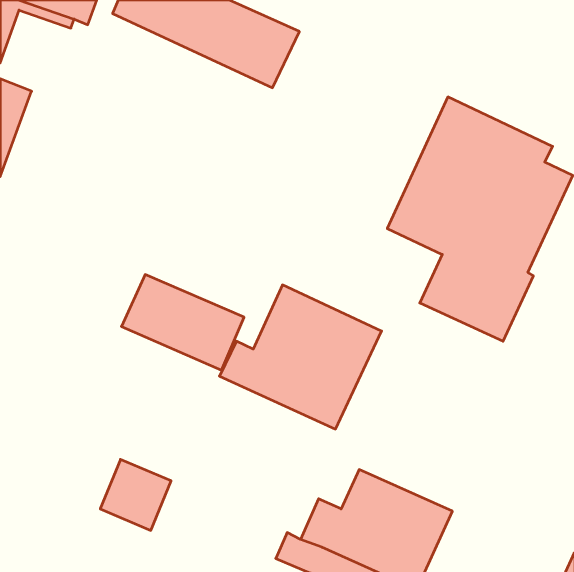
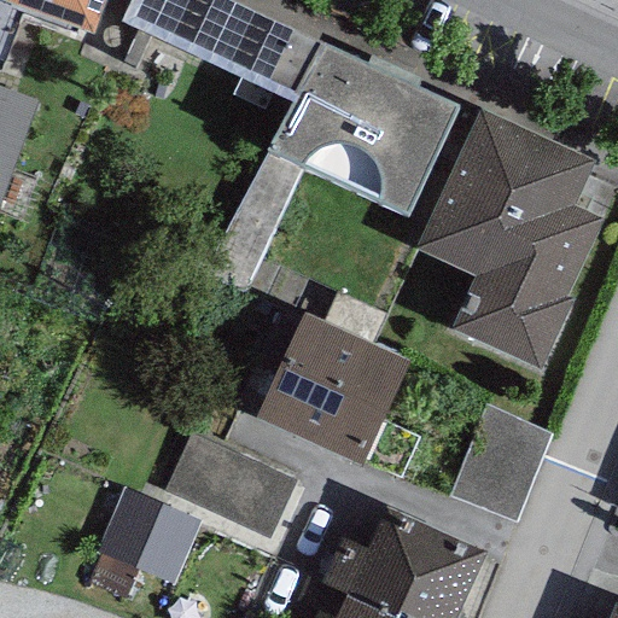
building: none -> [269,37,460,214]
building: [121,275,244,370] -> [164,436,296,538]
building: none -> [450,407,553,524]

